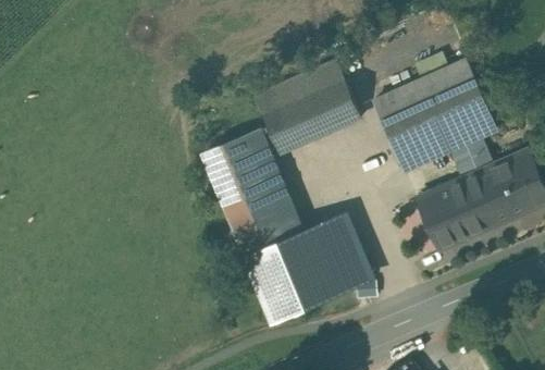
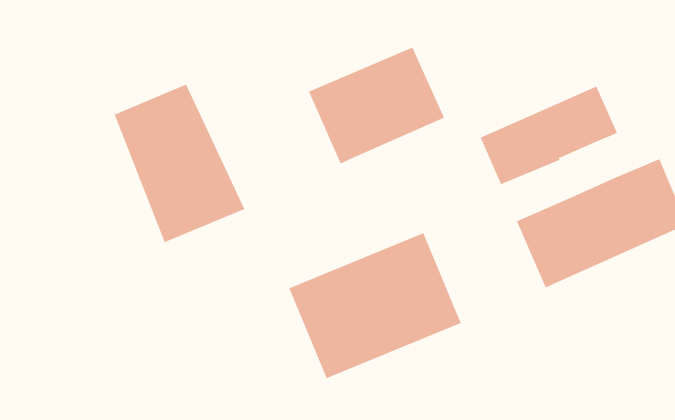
building: [374,61,481,133] -> none
building: [201,126,304,250] -> [114,84,245,243]
building: [451,136,494,177] -> none

